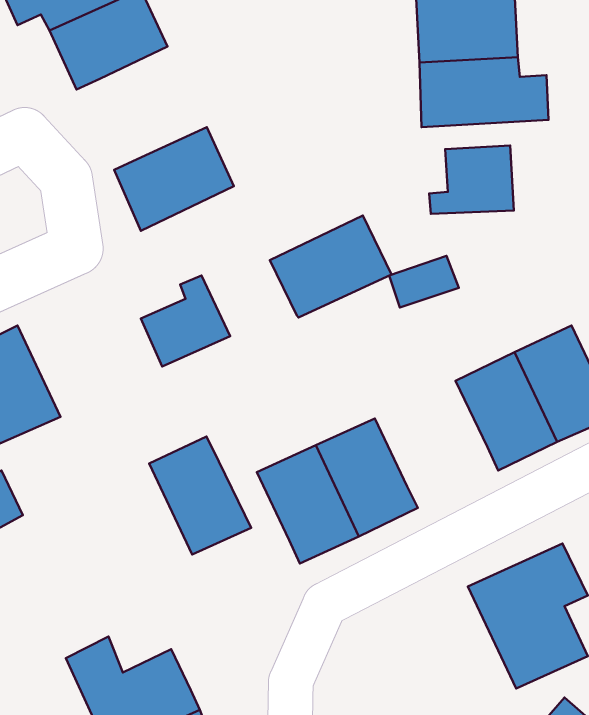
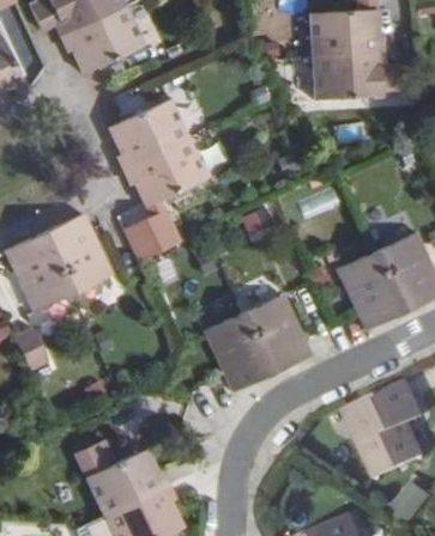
building: [429,146,514,214] -> none
building: [270,215,391,317] -> [126,139,207,207]
building: [149,437,251,555] -> [43,214,111,293]

